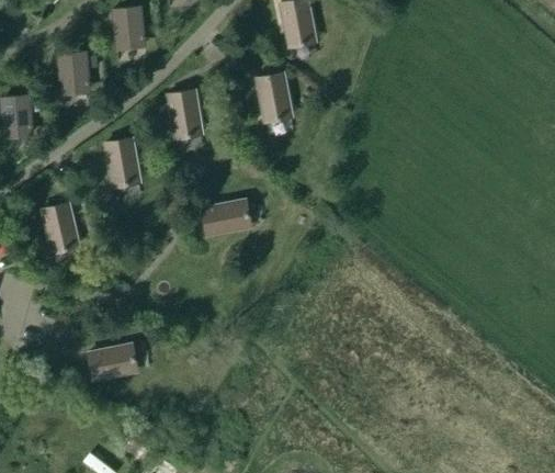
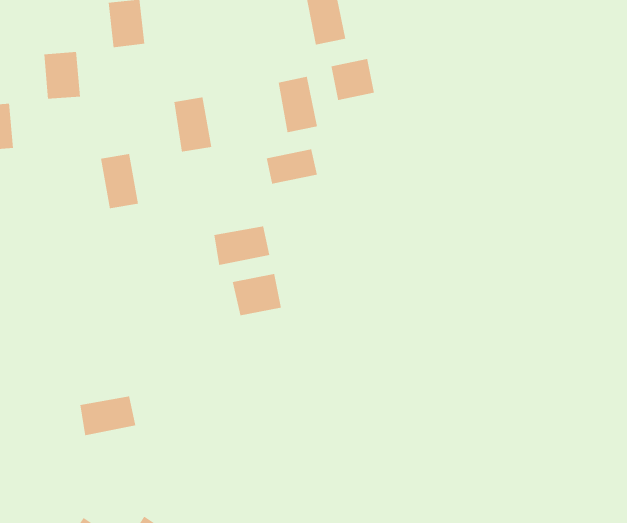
building: none -> [331,58,375,101]
building: none -> [266,148,317,184]
building: [42,204,78,252] -> none
building: none -> [232,273,281,316]

